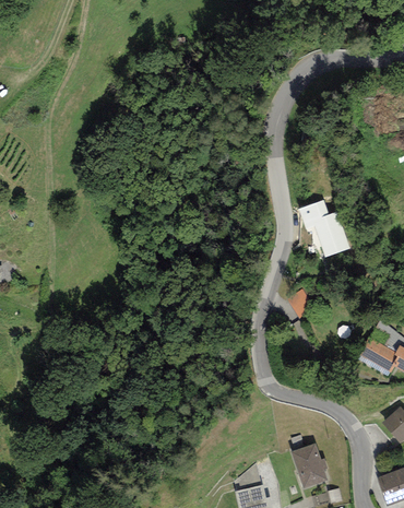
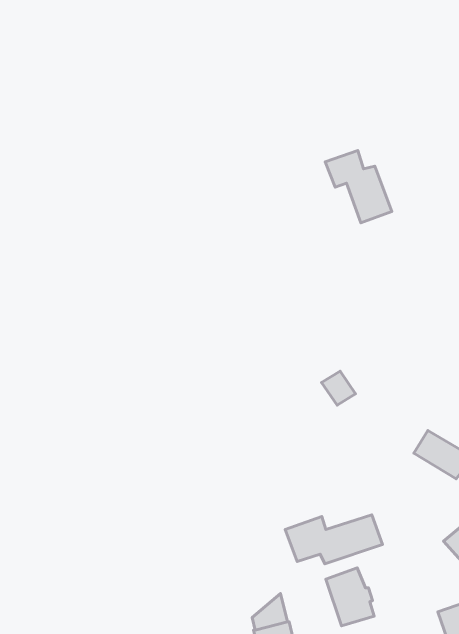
building: [298,200,349,256] -> [325,150,392,223]
building: none -> [285,515,382,564]

